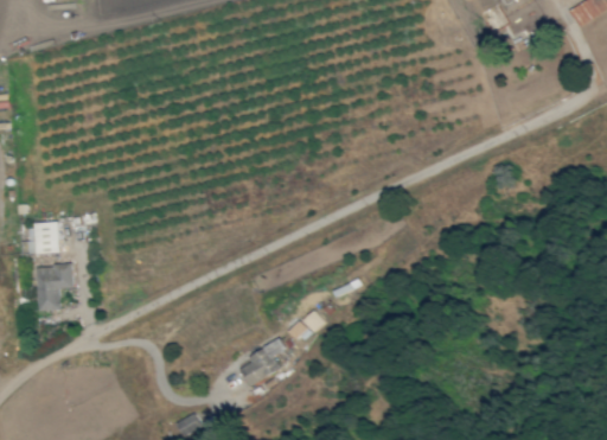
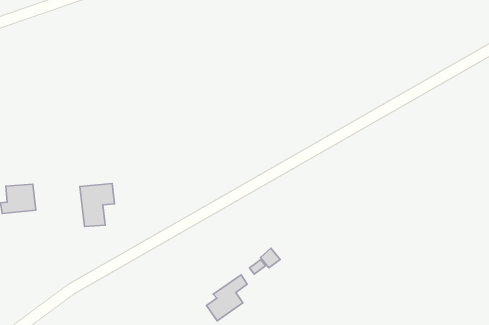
building: [37,264,74,310] -> [80,183,115,226]

